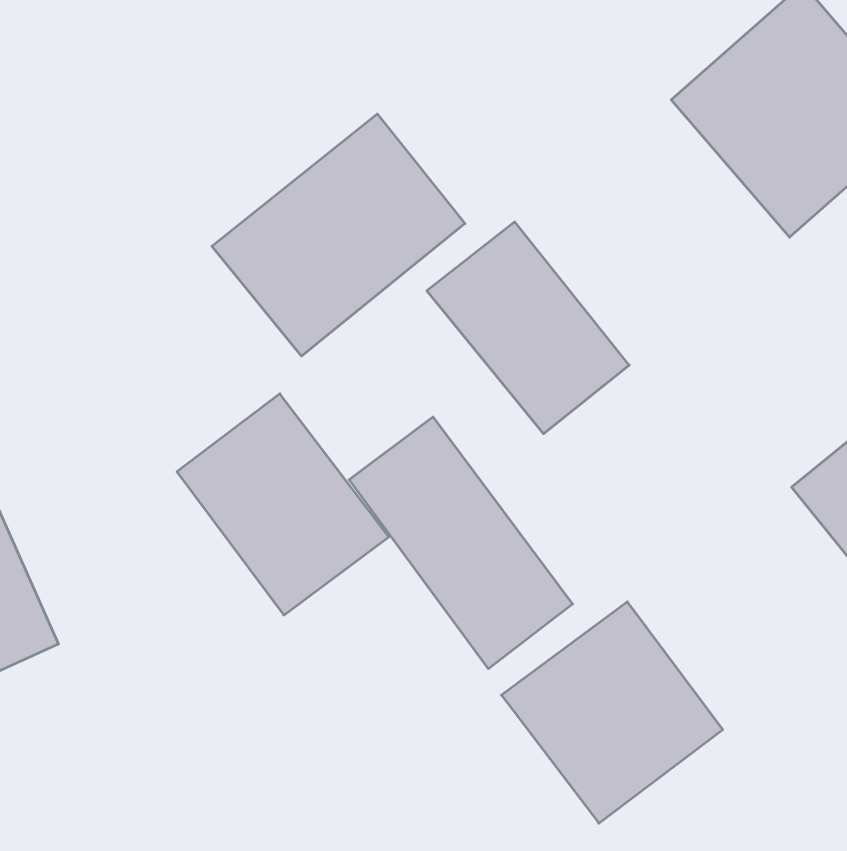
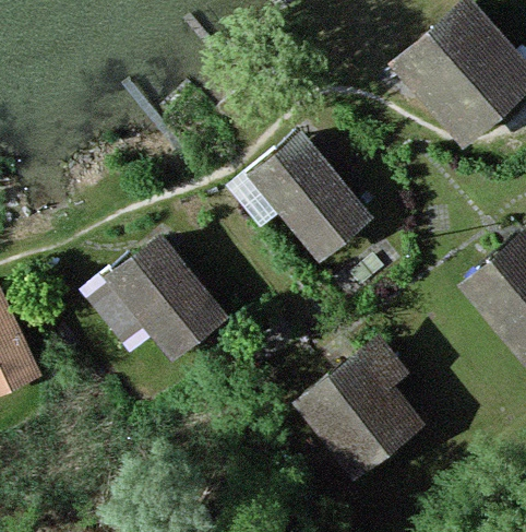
building: [212,114,465,356] -> none
building: [349,417,573,669] -> none

